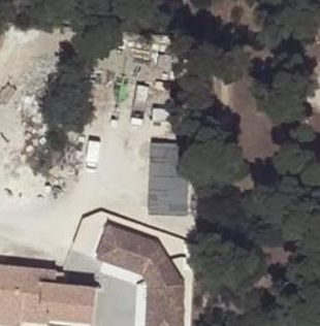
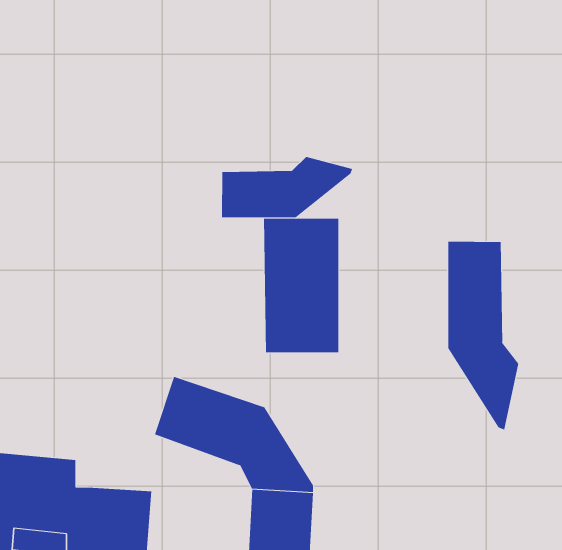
building: none -> [221,156,353,218]
building: none -> [448,241,519,430]

